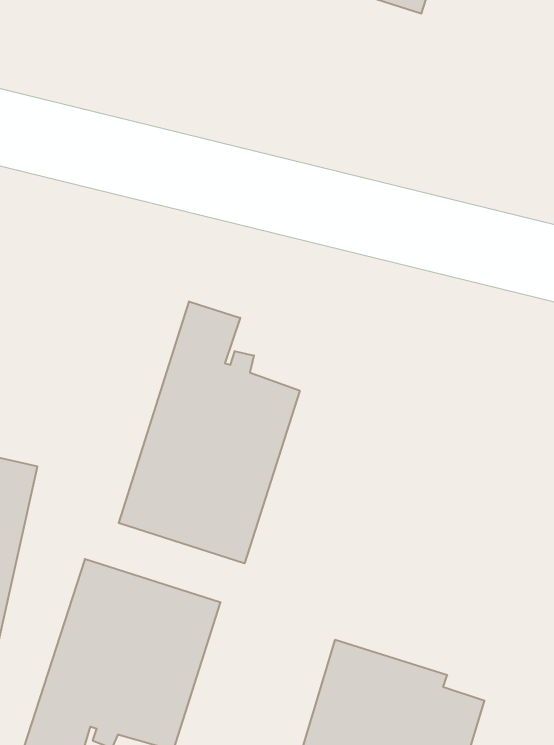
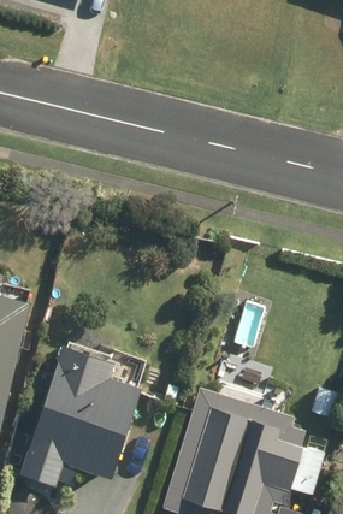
building: [119,301,300,563] -> none

